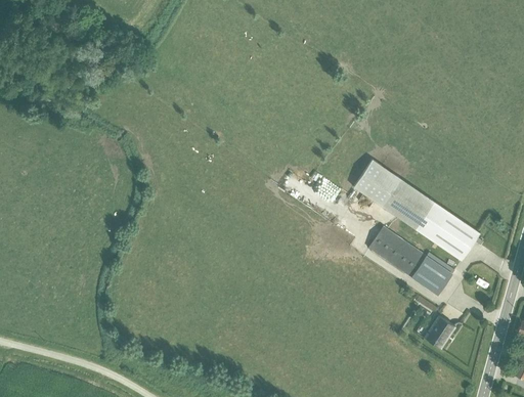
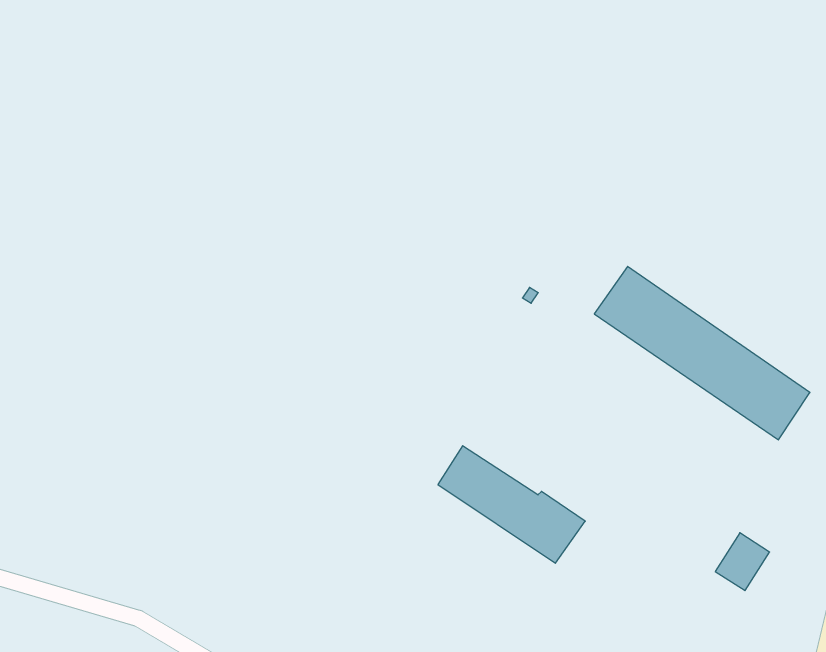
building: [369,226,455,295] -> [438,446,585,563]

